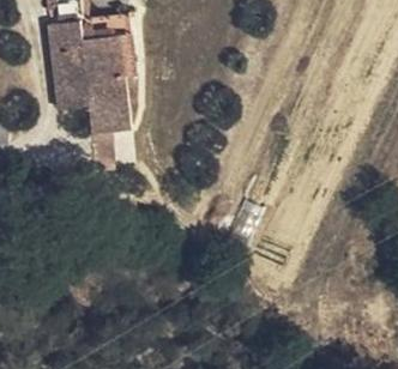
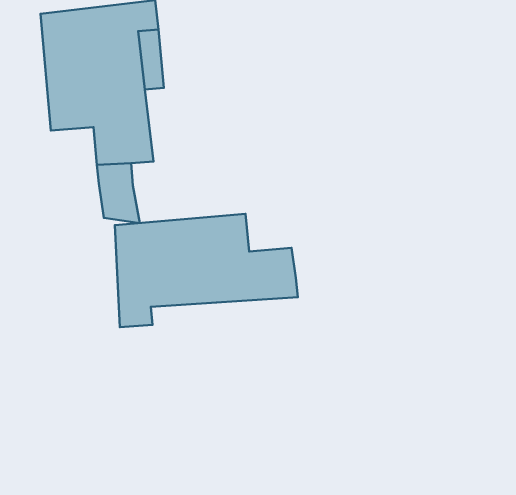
building: none -> [115,214,298,327]

